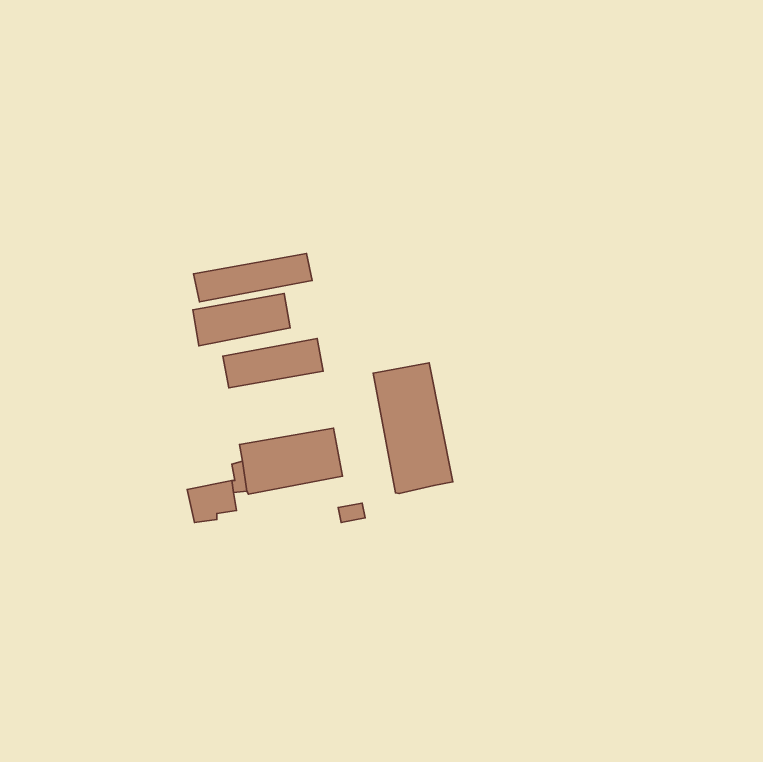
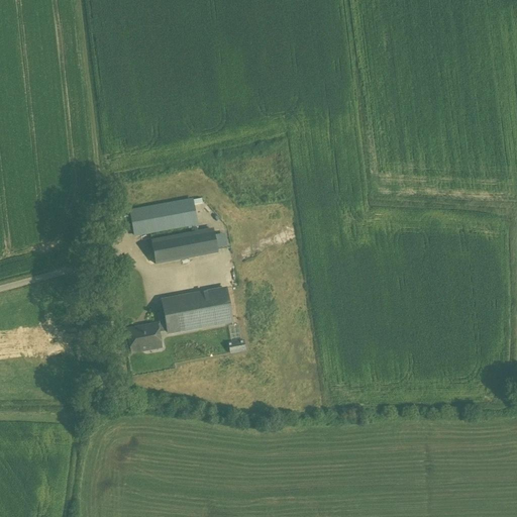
building: [194,253,312,302] -> none
building: [373,363,453,493] -> none

